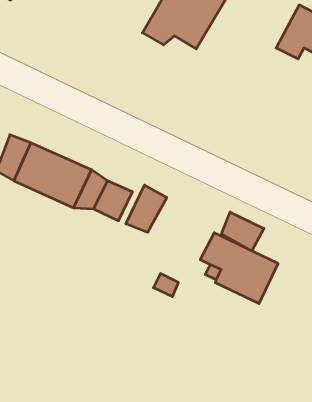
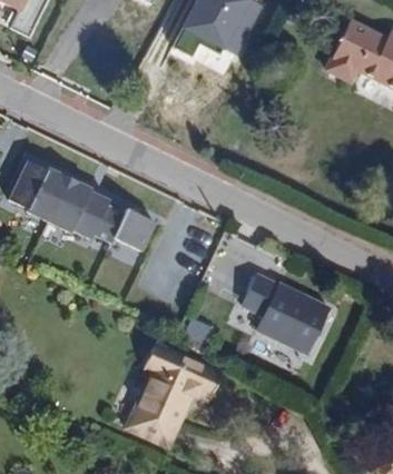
building: [126,185,167,232] -> none
building: [222,212,264,251] -> none
building: none -> [126,343,218,444]

